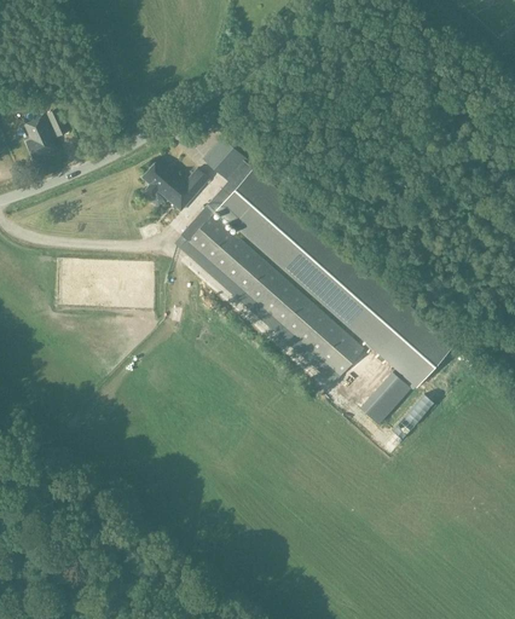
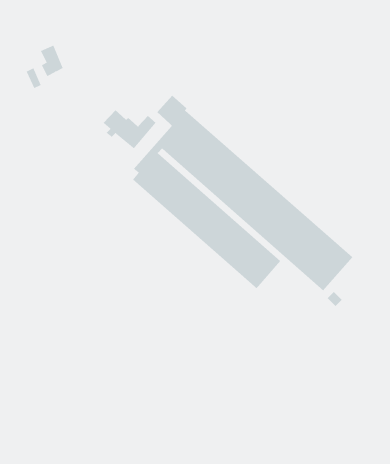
building: [24,117,53,157] -> [40,45,63,77]
building: [360,371,411,424] -> none

